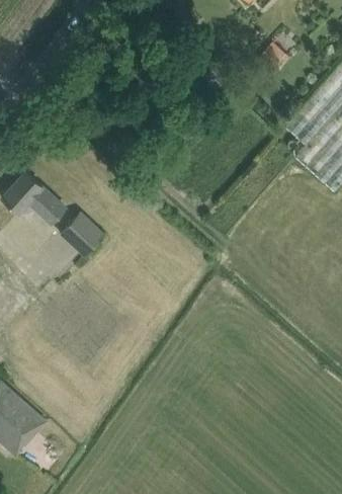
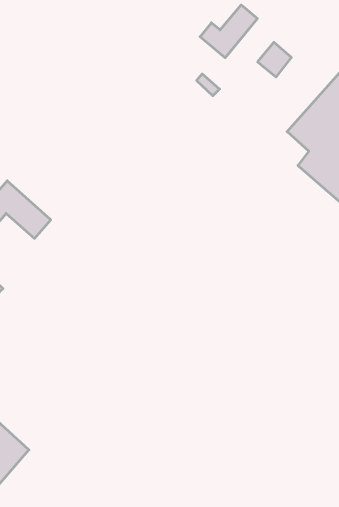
building: none -> [200,5,257,58]
building: [60,212,105,257] -> none

